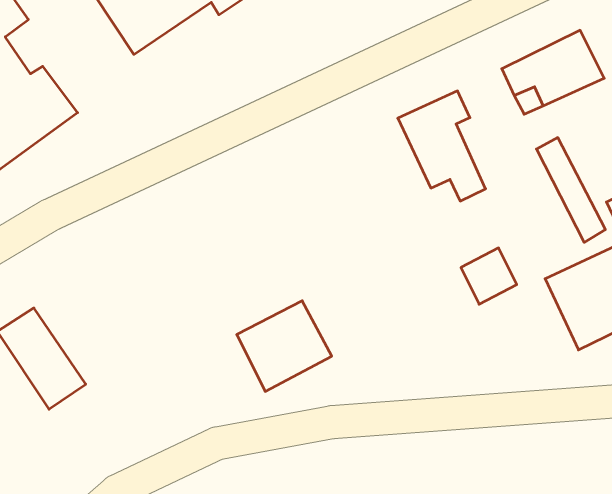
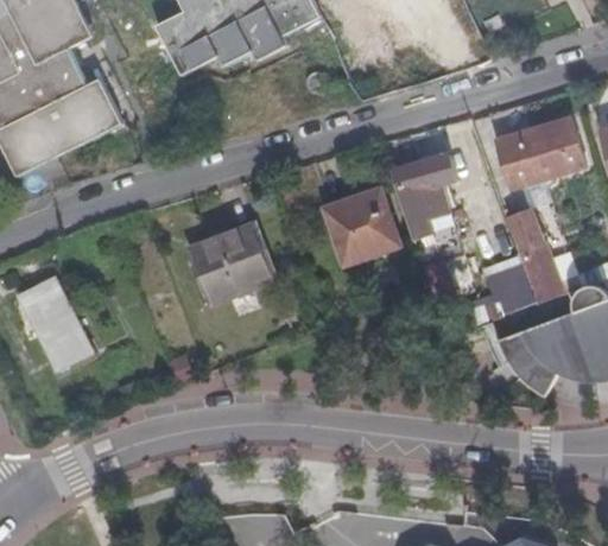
building: none -> [325,189,401,265]
building: [461,248,517,304] -> [489,272,536,318]
building: [237,301,332,391] -> [189,226,268,299]

